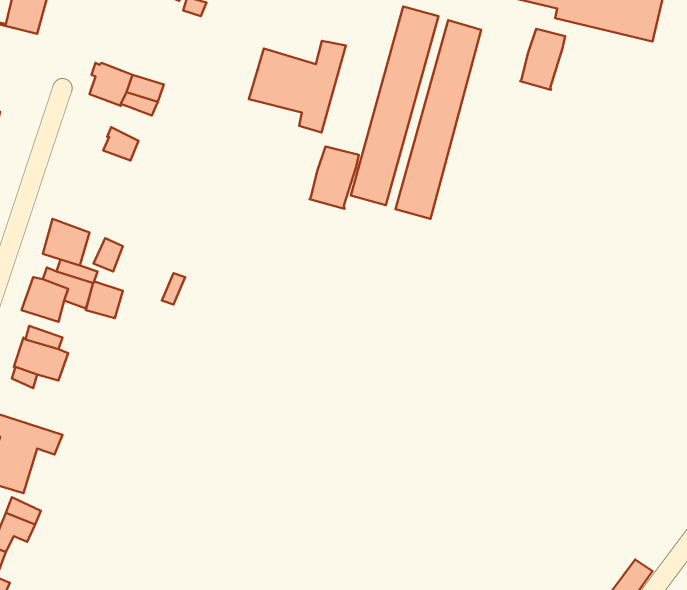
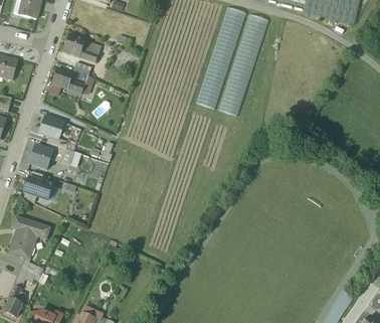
building: [520,29,565,90] -> none
building: [249,41,346,133] -> none
building: none -> [52,67,84,93]
building: [309,146,359,209] -> none

